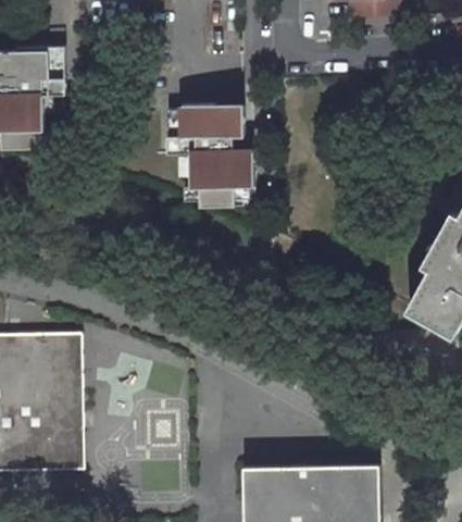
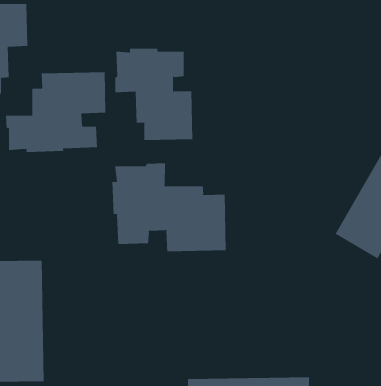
building: none -> [5,72,106,153]
building: none -> [112,162,226,252]

